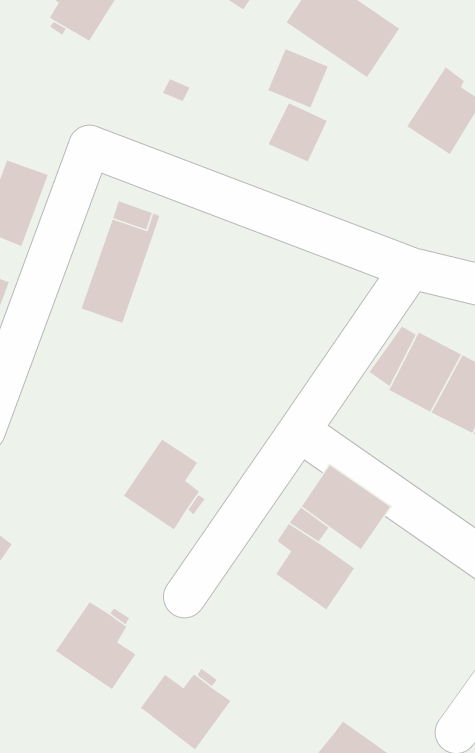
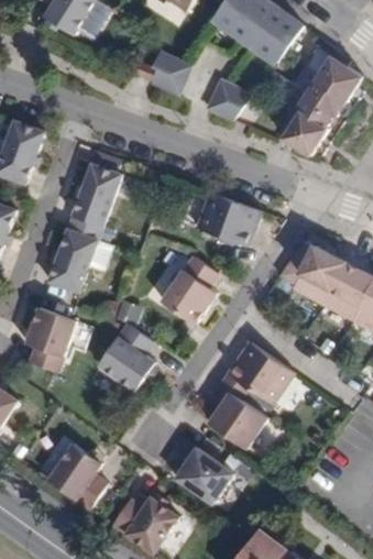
building: [267,48,329,108] -> [144,52,189,96]
building: none -> [279,94,333,156]
building: none -> [196,193,261,248]
building: none -> [48,230,112,293]
building: none -> [153,253,209,318]
building: none -> [30,295,80,361]
building: none -> [175,441,234,504]

